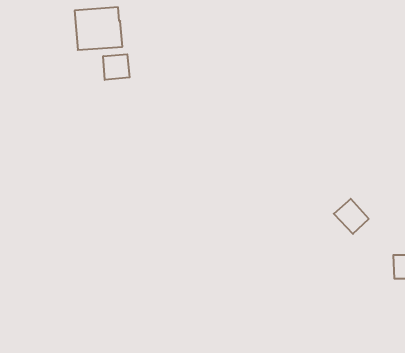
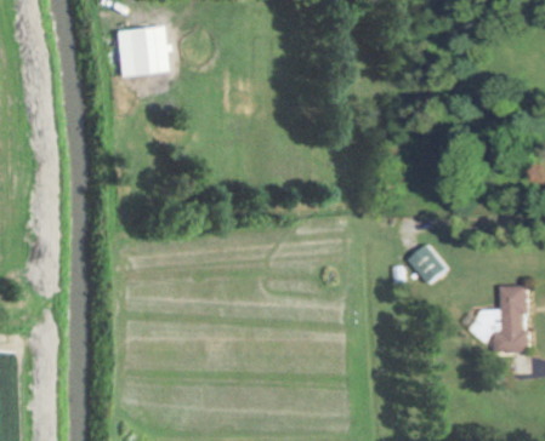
building: [103,54,130,80] -> none

